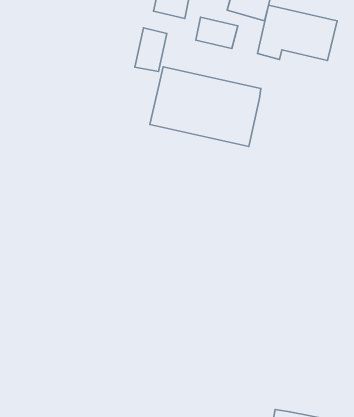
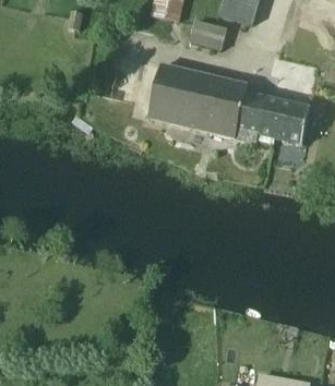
building: [258,5,337,61] -> [238,93,310,143]
building: [135,28,167,72] -> none

